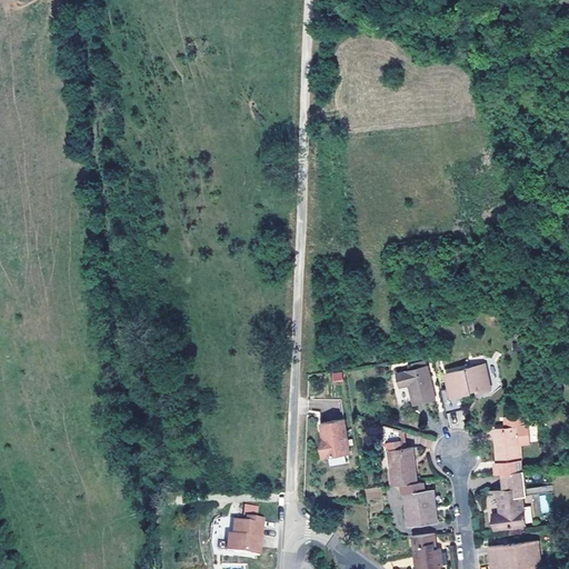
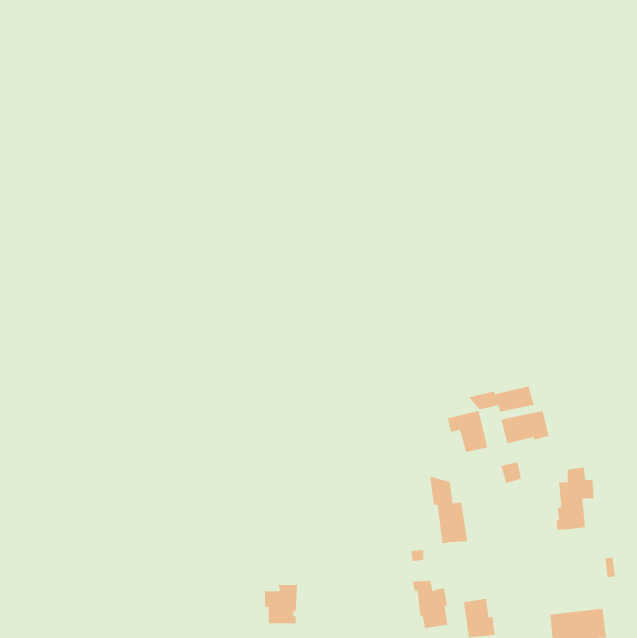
building: none -> [468,386,535,413]
building: [318,420,347,459] -> none
building: [493,469,527,533] -> none
building: [400,481,432,526] -> [412,579,448,629]

